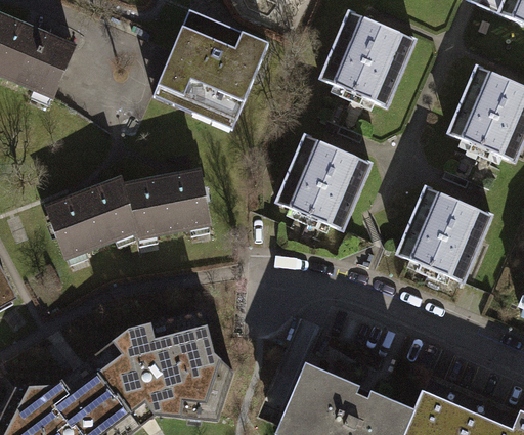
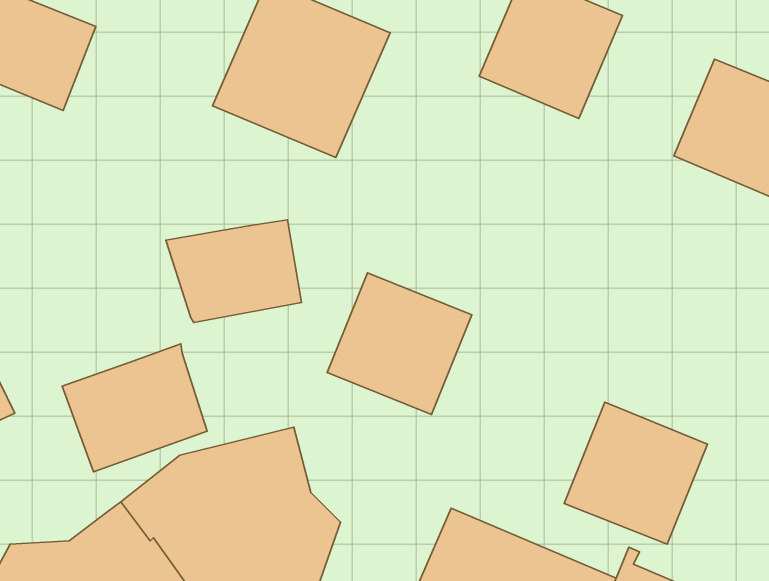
building: [278,136,374,229] -> [327,273,472,415]
building: [39,179,134,263] -> [62,344,207,472]
building: [400,186,494,279] -> [564,402,708,544]

